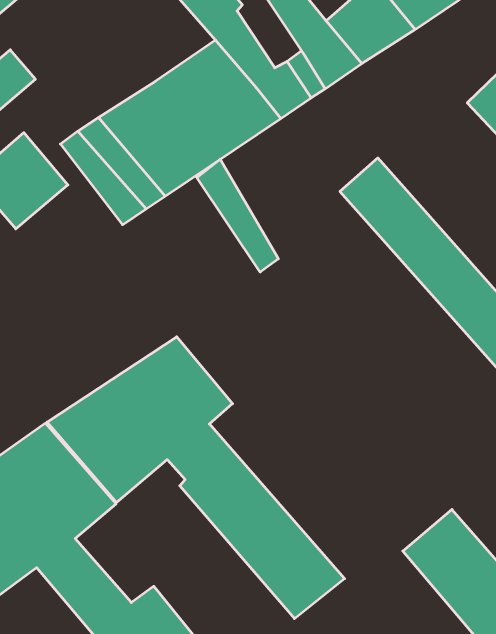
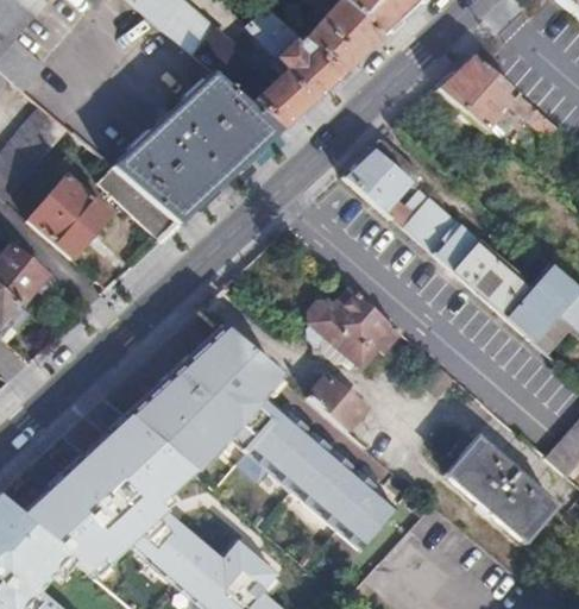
building: [197,159,278,272] -> none
building: none -> [306,281,401,371]
building: none -> [306,372,370,431]

